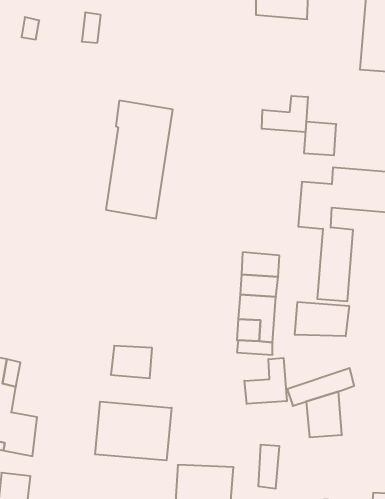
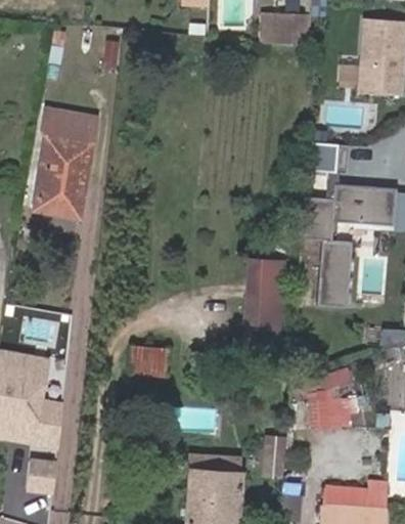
building: [262,96,308,132] -> none
building: [106,101,173,219] -> [34,110,95,218]
building: [295,302,349,336] -> none
building: [244,358,287,404] -> none
building: [95,402,172,460] -> none

